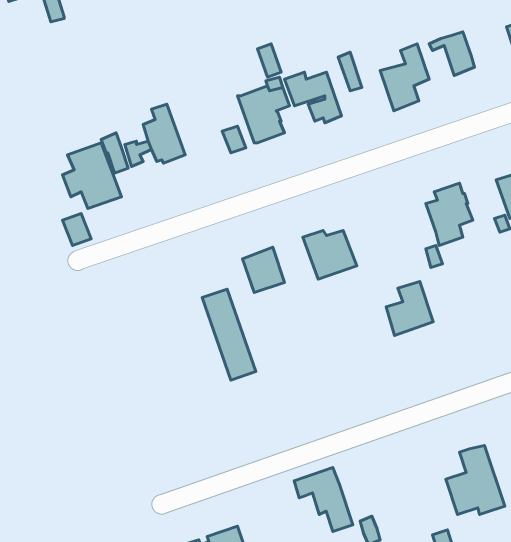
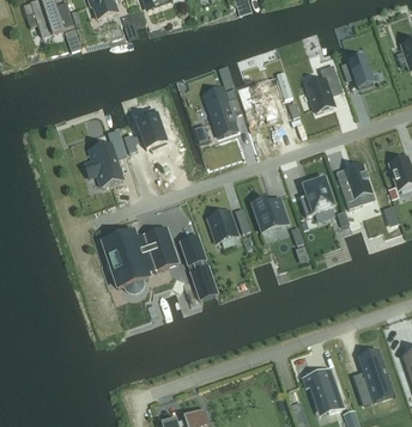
building: none -> [102,226,177,289]
building: [386,282,433,335] -> [299,176,333,214]
building: [294,468,353,531] -> [301,366,343,411]

